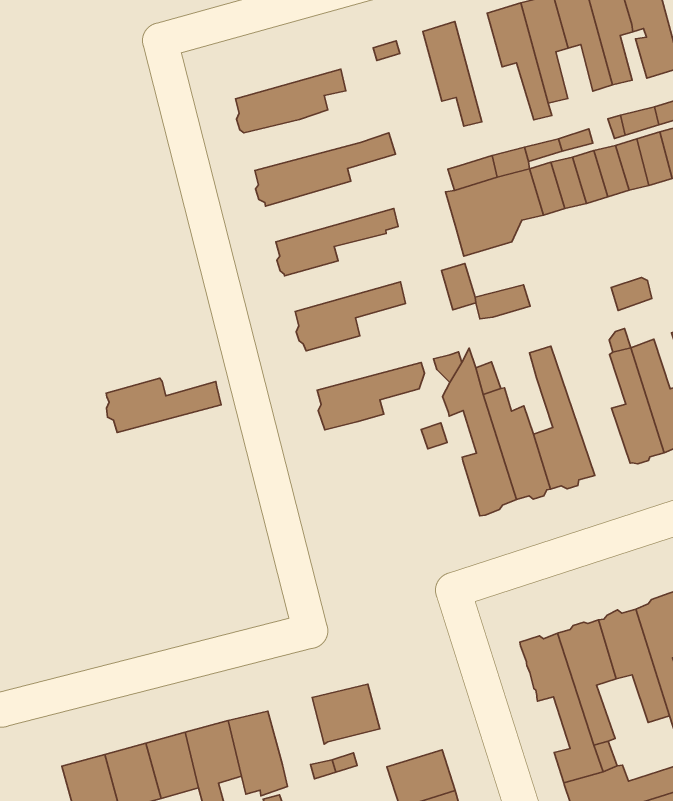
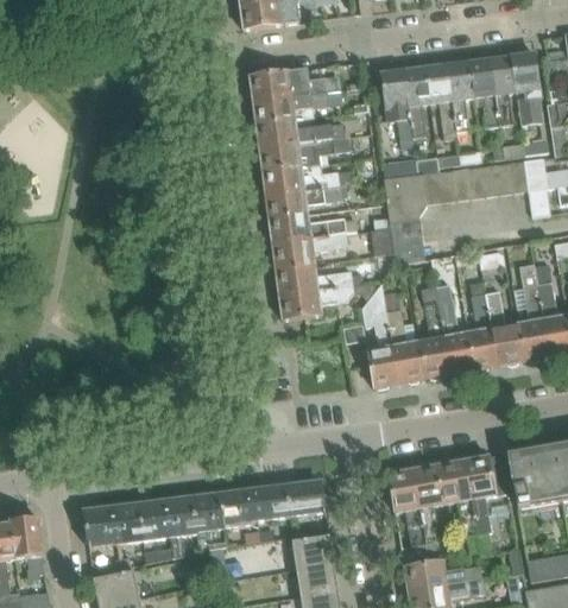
building: none -> [403,68,429,137]
building: none -> [250,69,326,100]
building: none -> [257,115,346,147]
building: none -> [263,163,352,195]
building: none -> [387,216,423,248]
building: none -> [270,213,358,241]
building: none -> [435,284,475,373]
building: [106,378,221,433] -> [277,262,351,293]
building: none -> [288,481,326,515]
building: none -> [221,489,254,530]

